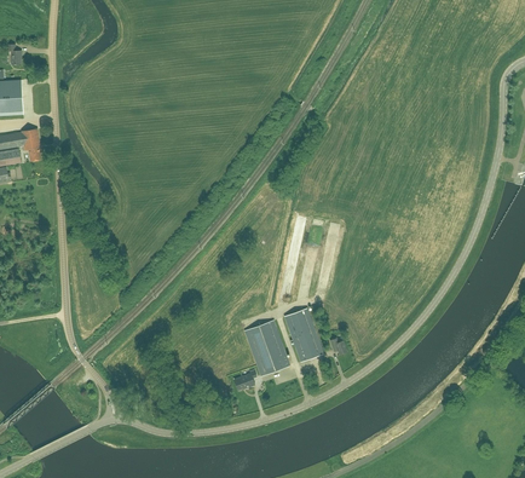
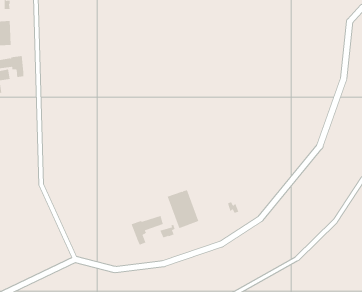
building: [283,307,323,361] -> none
building: none -> [131,215,164,245]

